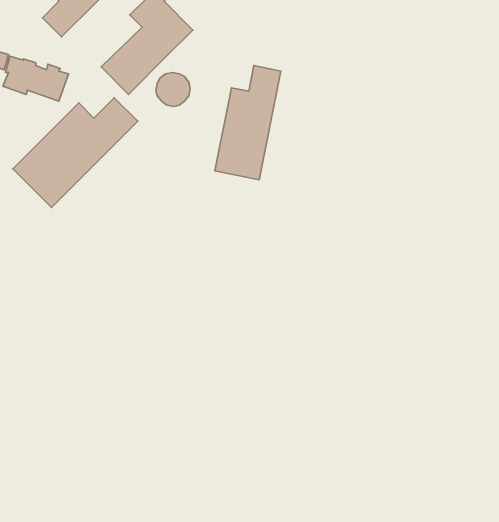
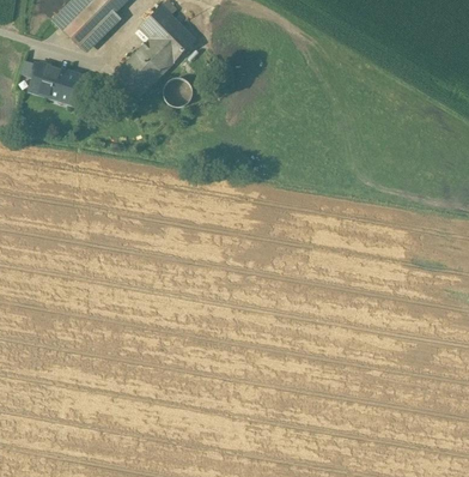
building: [215,66,281,180] -> none
building: [13,98,138,207] -> none

